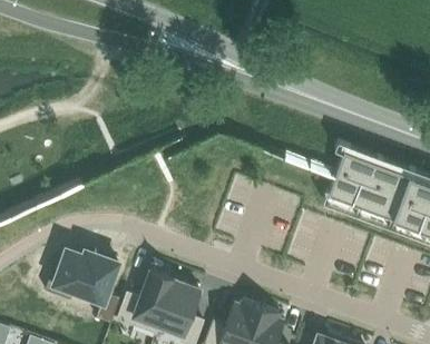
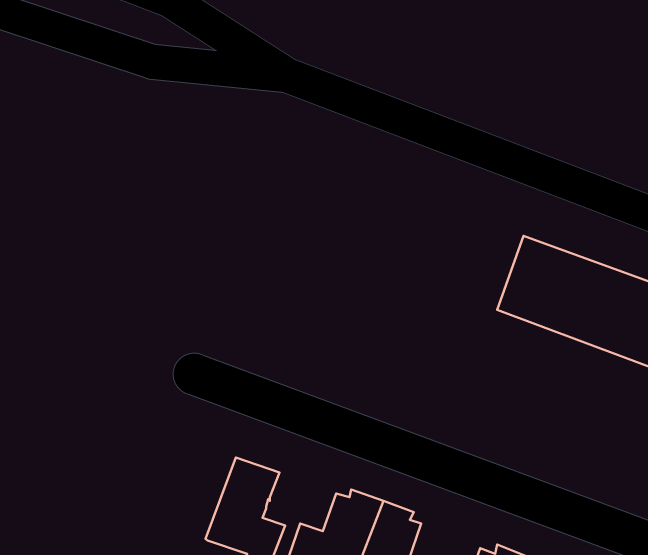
building: [43,248,119,323] -> none
building: [117,271,174,333] -> none

